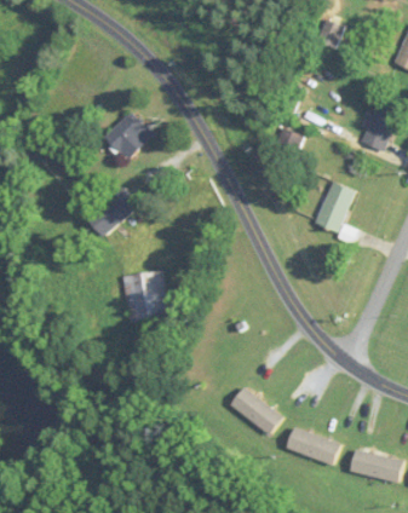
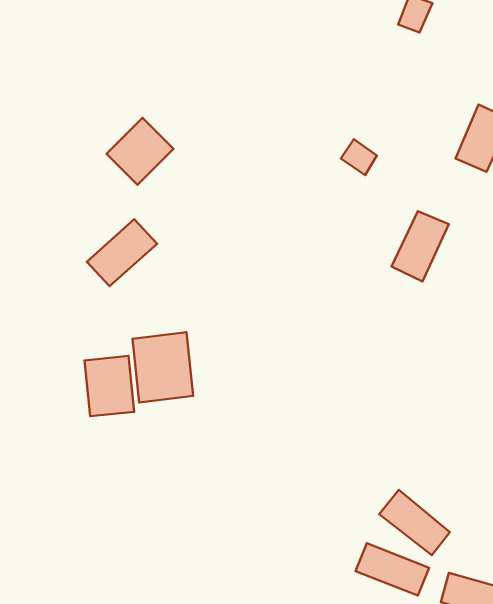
building: none -> [85,356,134,416]
building: [229,386,281,434] -> [379,490,450,555]

